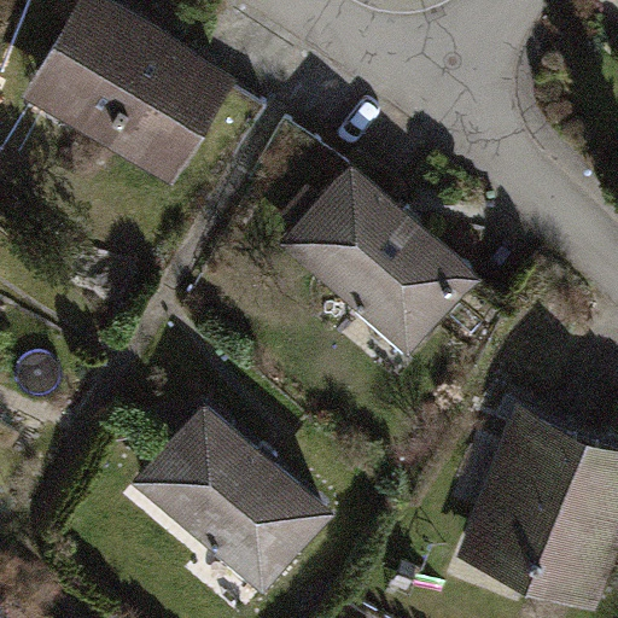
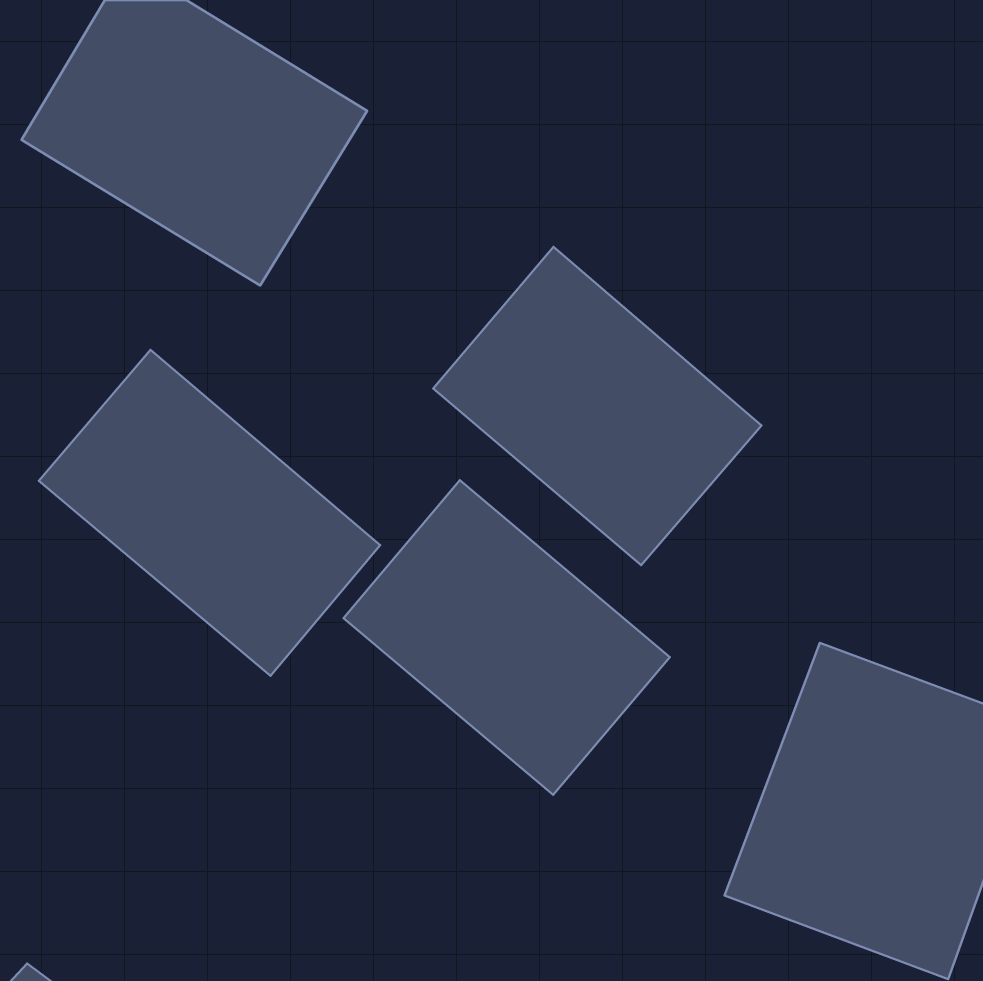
building: none -> [39,350,380,676]
building: [129,401,332,596] -> [343,480,670,795]

